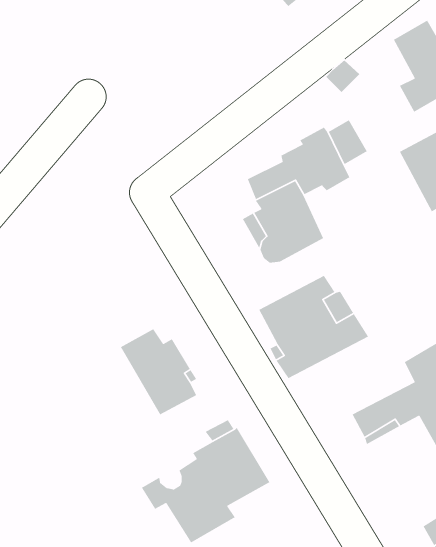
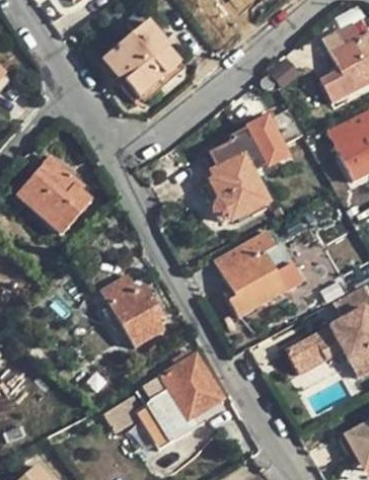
building: none -> [102,22,177,96]
building: none -> [16,157,90,233]

